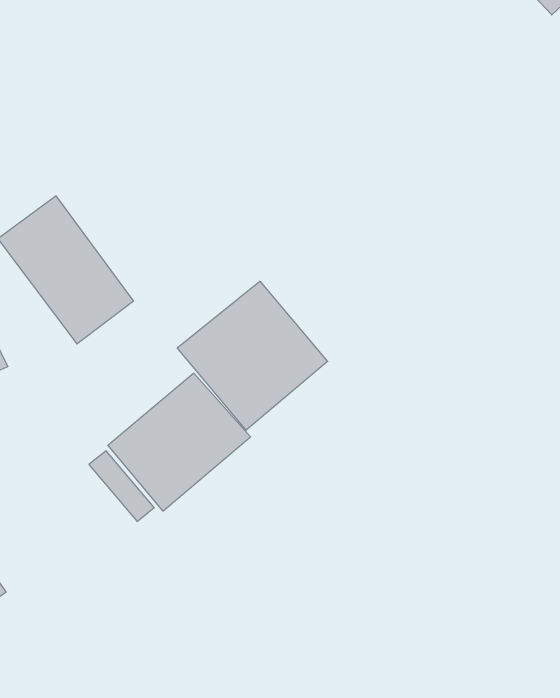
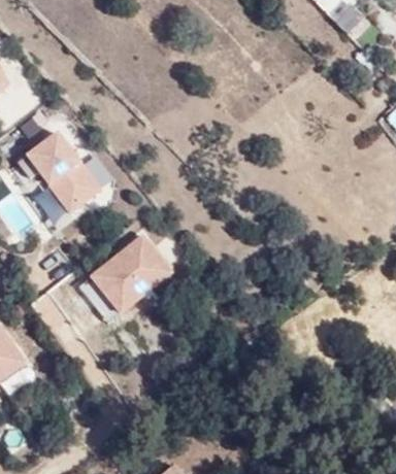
building: [177,281,328,430] -> none

